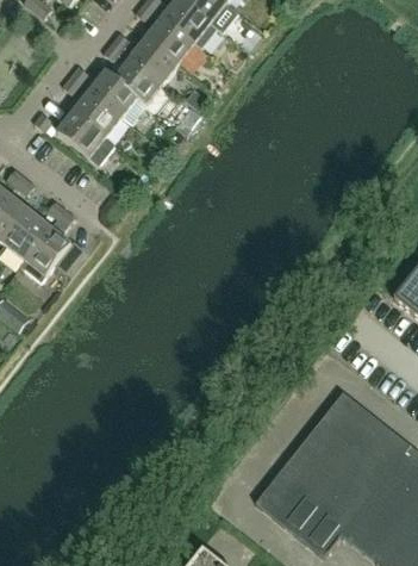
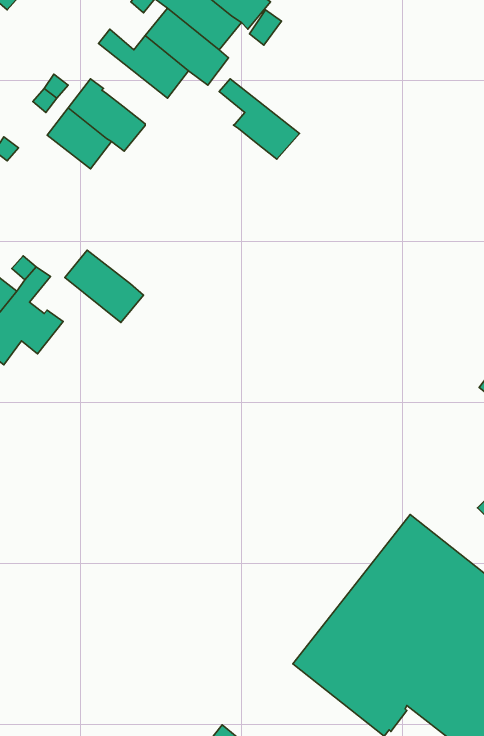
building: [104,42,163,101] -> [219,79,299,159]
building: [57,110,116,163] -> [65,250,143,322]

